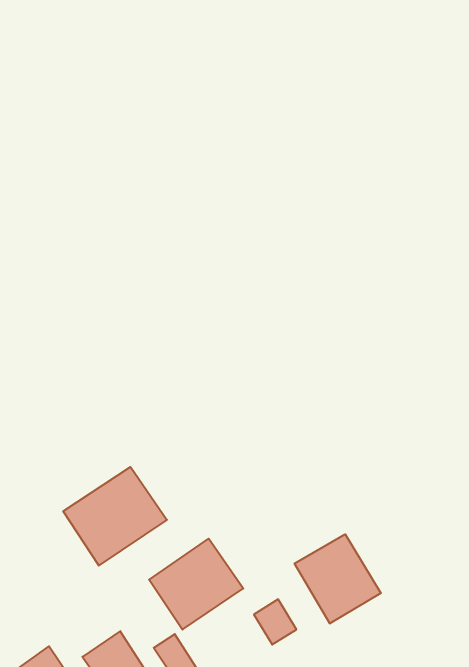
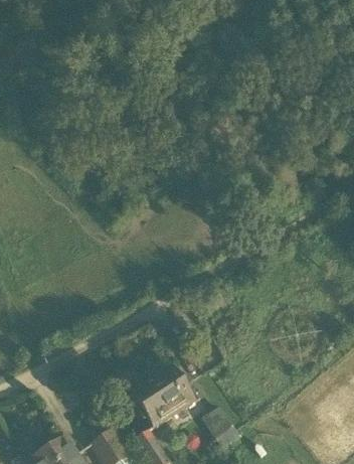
building: [63,467,167,566] -> none
building: [295,534,381,624] -> none

